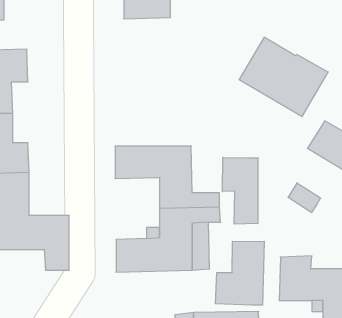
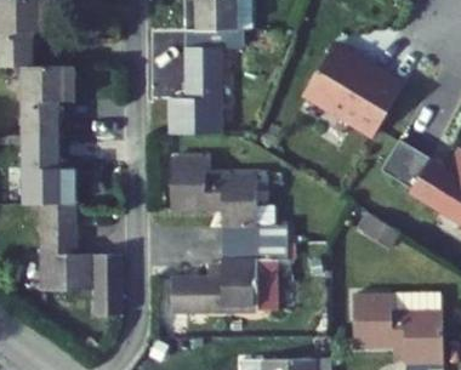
building: none -> [169,29,235,133]
building: [222,157,258,224] -> none
building: [216,241,264,305] -> none

